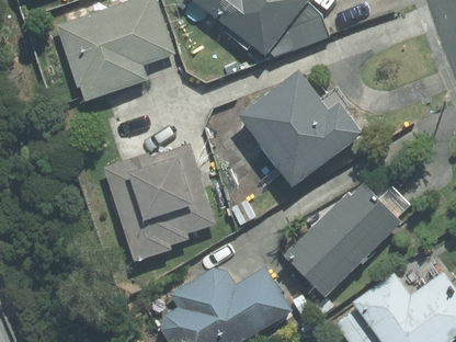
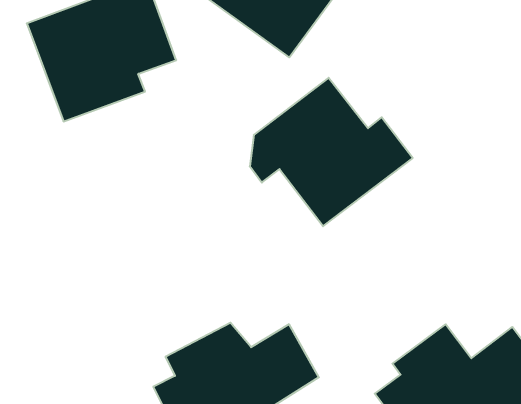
building: [101,138,216,262] -> none
building: [284,181,402,298] -> none

